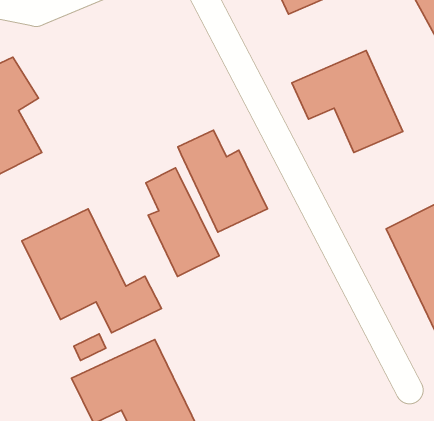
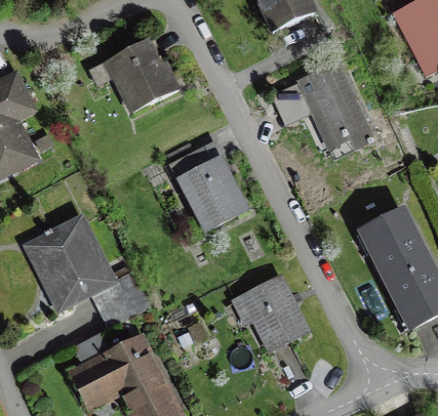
building: none -> [104,36,177,112]
building: [146,168,219,277] -> none
building: none -> [234,277,313,363]

